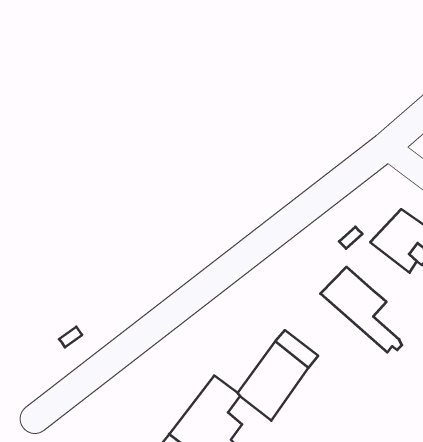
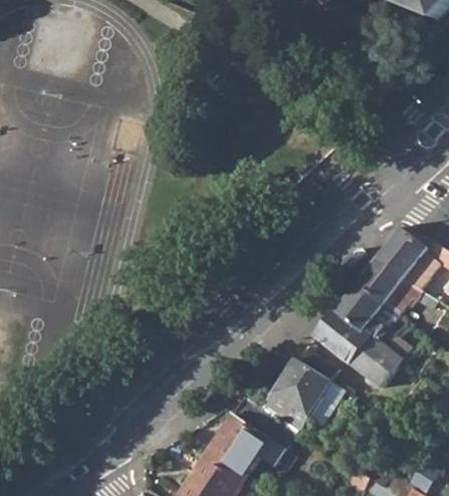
building: none -> [356,259,423,313]
building: none -> [313,311,401,387]

